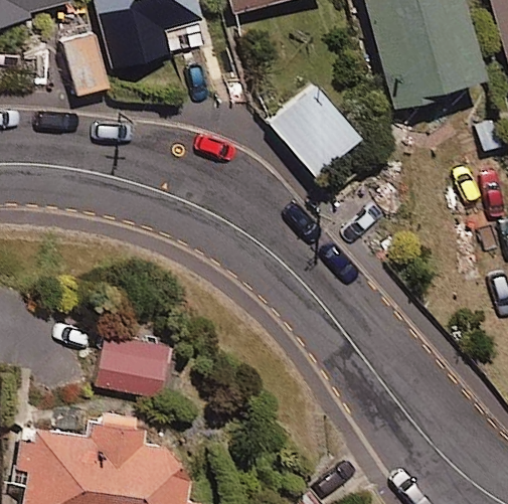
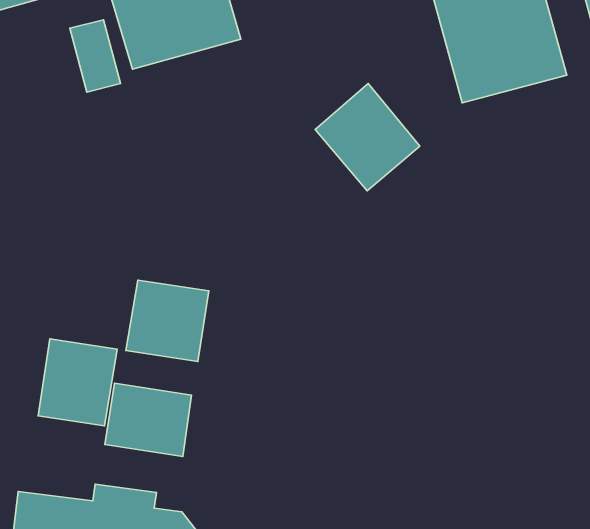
building: none -> [126,280,209,362]
building: none -> [38,339,117,426]

